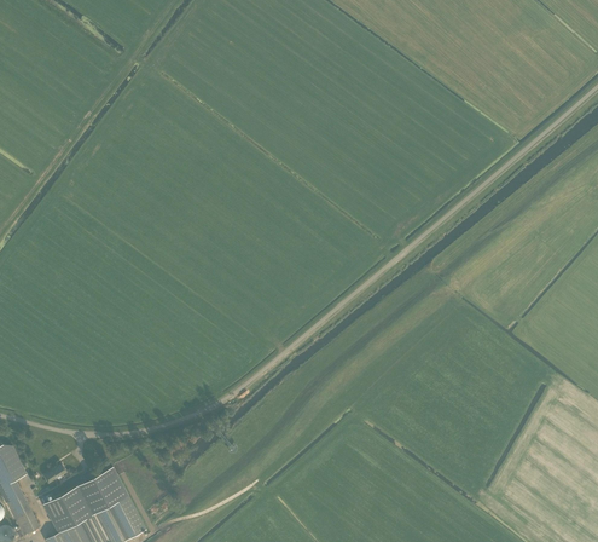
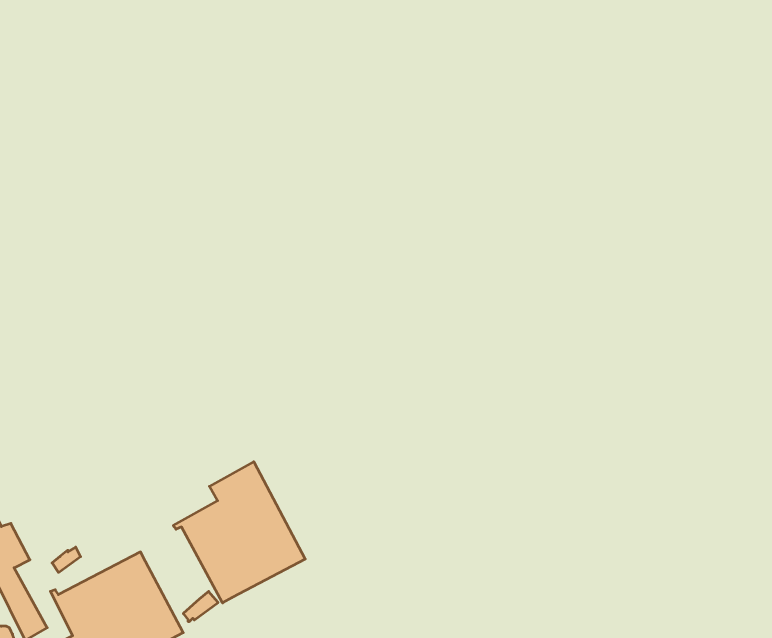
building: none -> [173,462,305,603]

